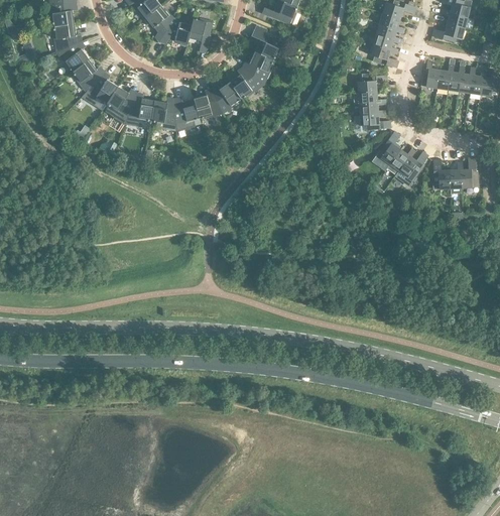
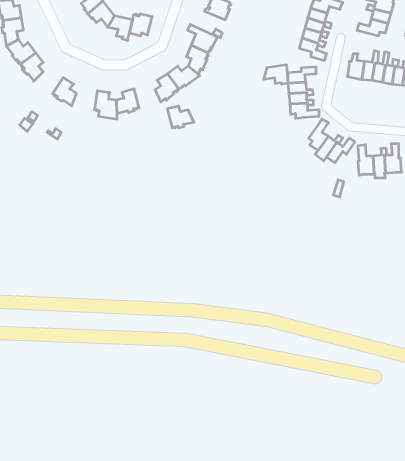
building: none -> [264,65,288,84]
building: [86,79,118,103] -> none
building: [194,95,222,118] -> [167,106,194,128]
building: [127,98,154,121] -> none

